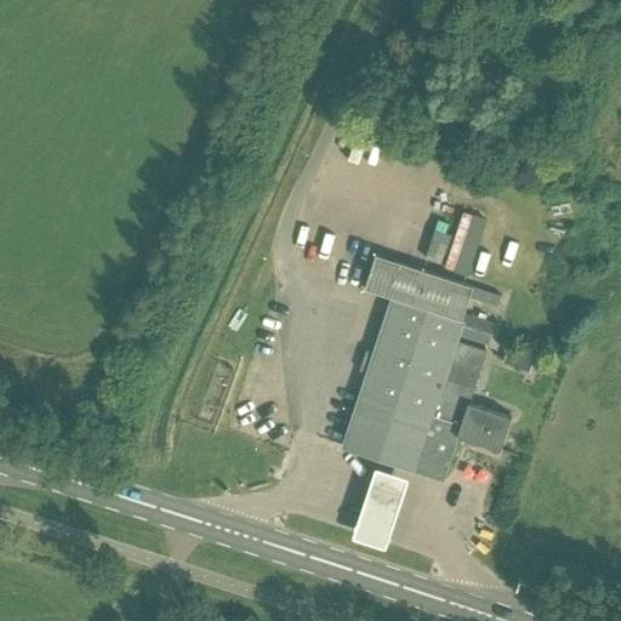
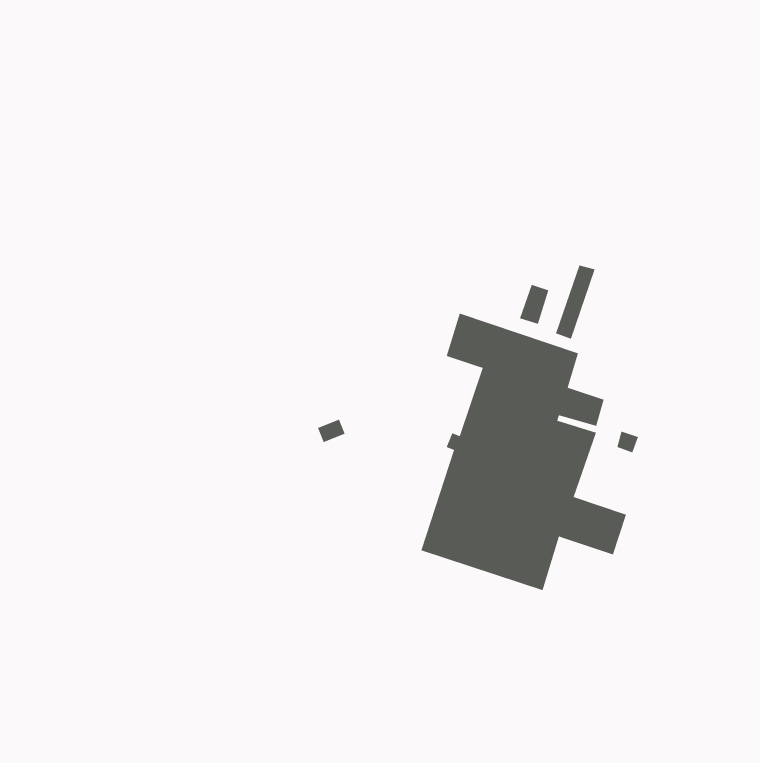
building: [358,468,415,552] -> none

